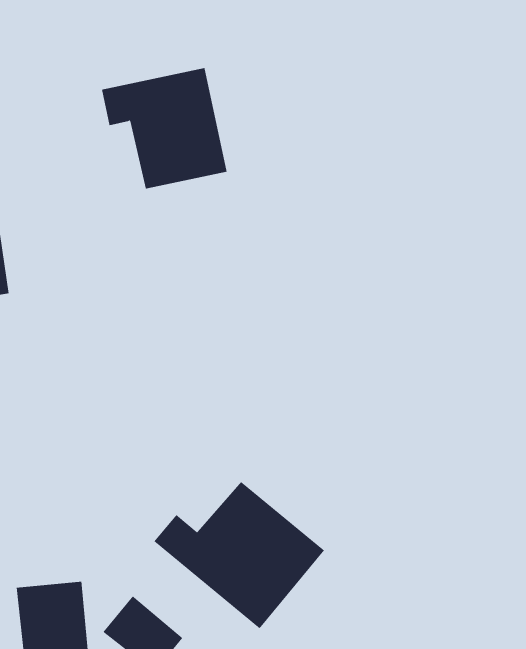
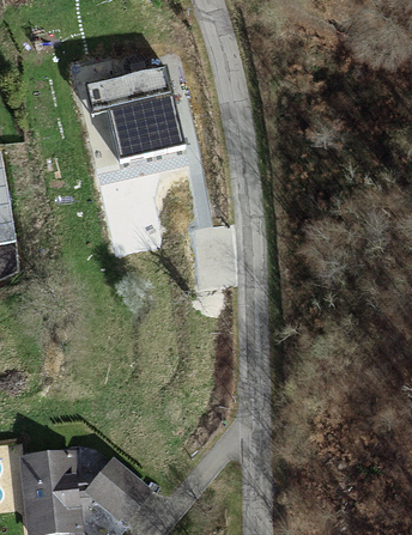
building: [153,481,325,629] -> none

